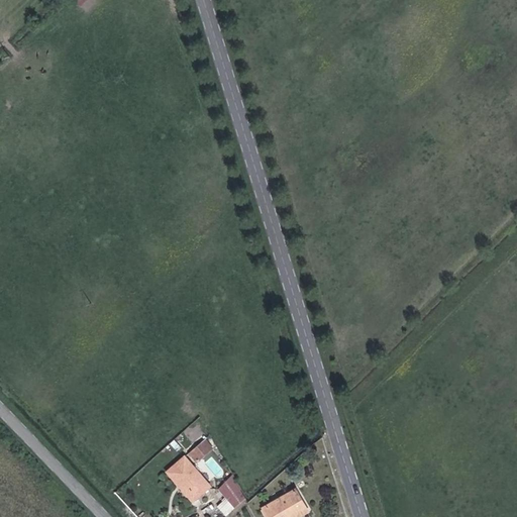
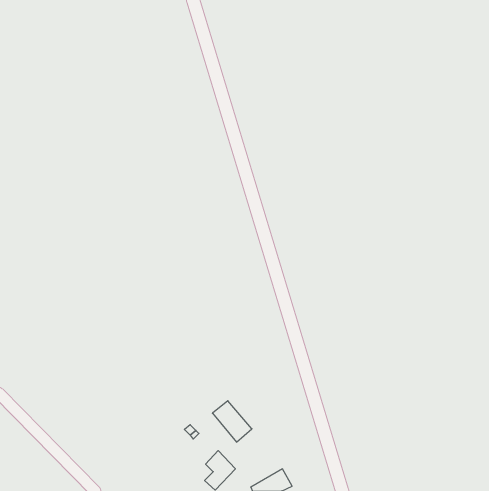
building: [168,457,209,501] -> [212,401,252,442]

